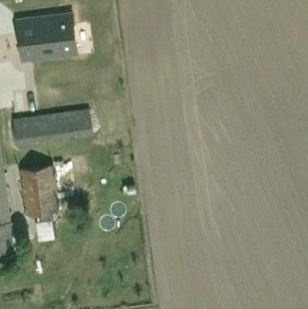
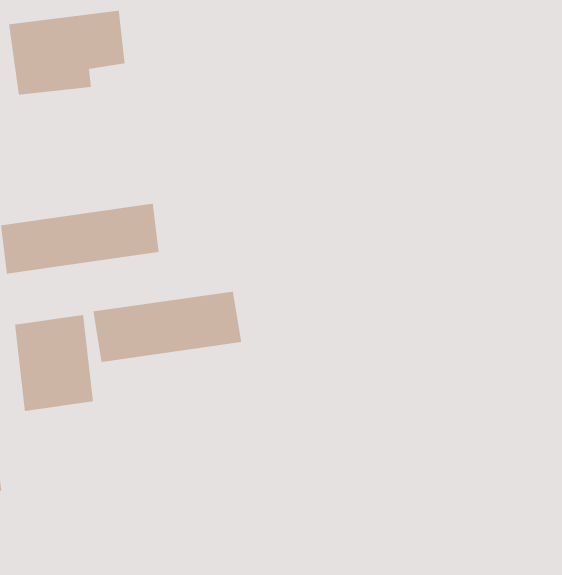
building: none -> [92,291,242,363]

